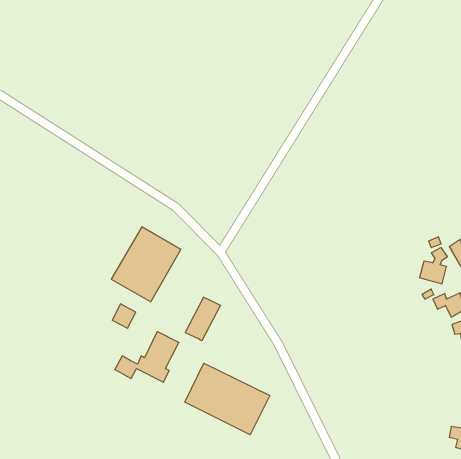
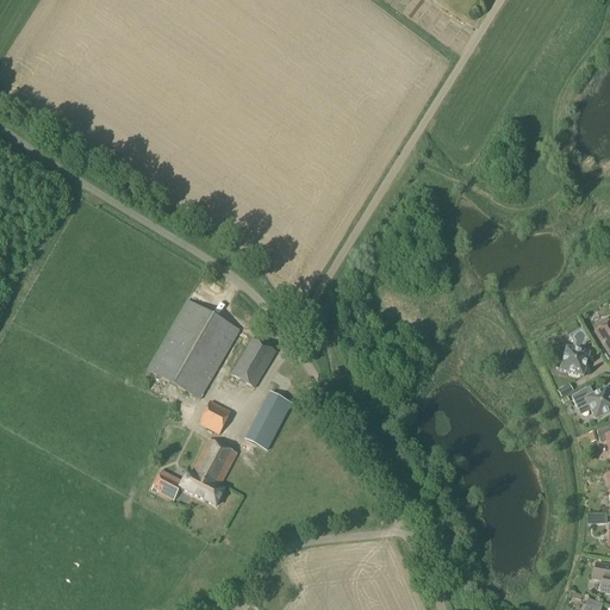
building: none -> [232,337,276,386]
building: [112,304,136,328] -> [200,400,231,432]
building: [185,363,270,435] -> none

